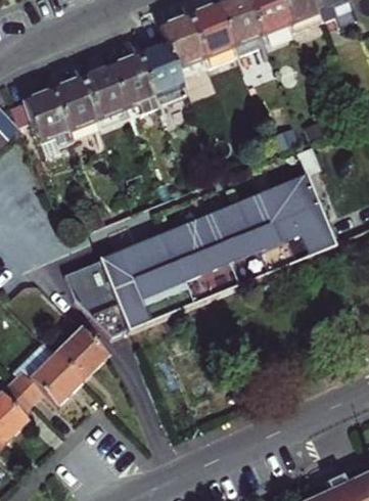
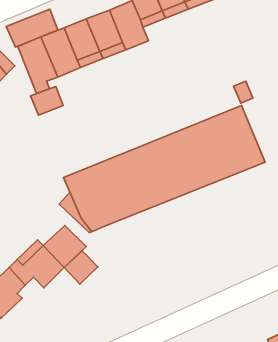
building: none -> [6,9,58,47]
building: none -> [30,86,63,115]
building: none -> [64,251,98,284]

